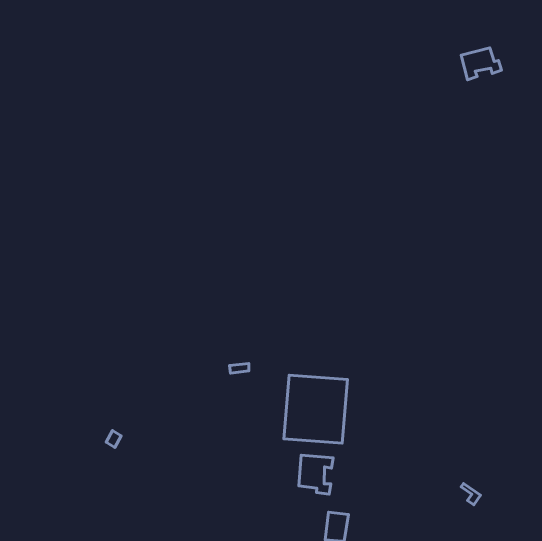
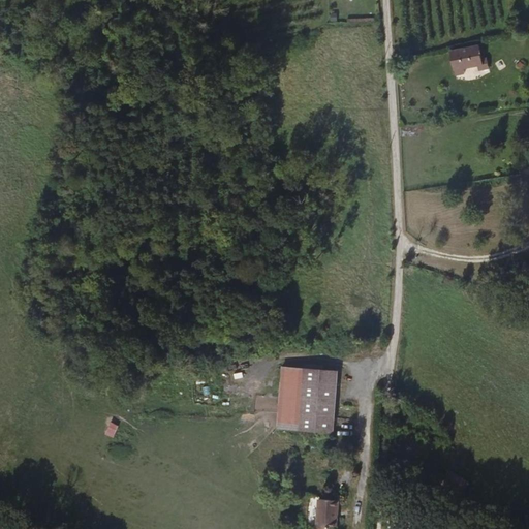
building: [299,455,333,494] -> none

